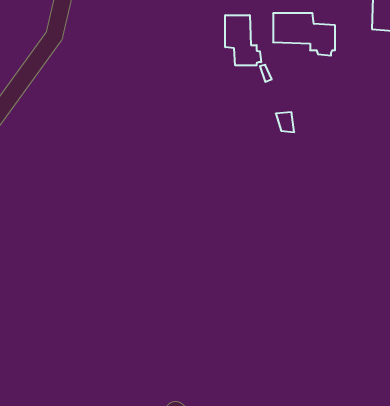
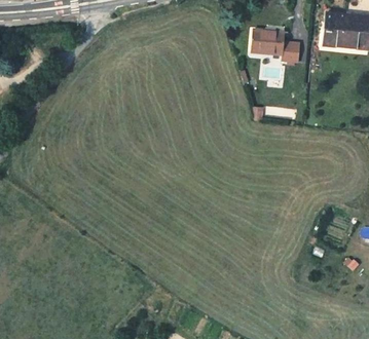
building: [225,15,261,65] -> none

